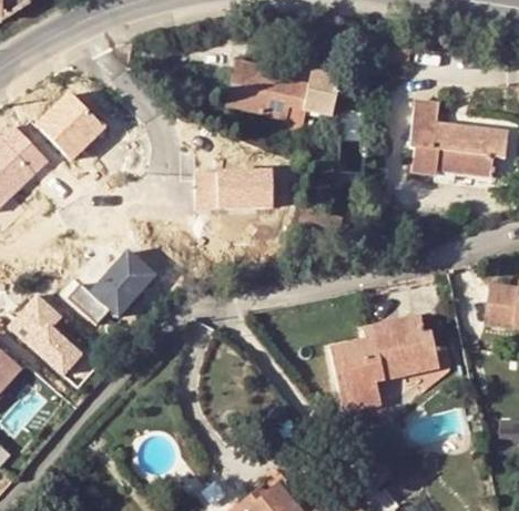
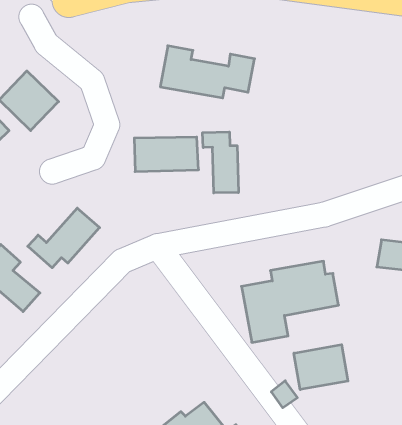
building: [409,101,507,175] -> none
building: none -> [203,132,238,193]
building: none -> [294,345,348,390]

